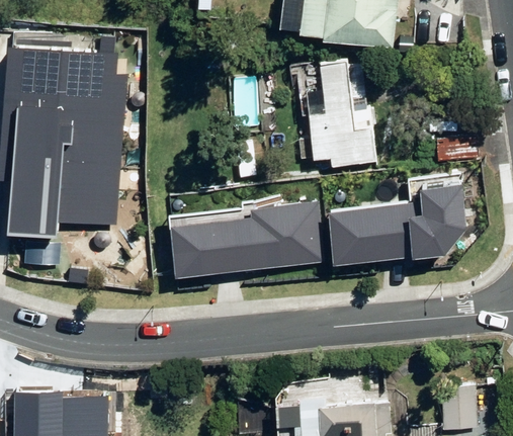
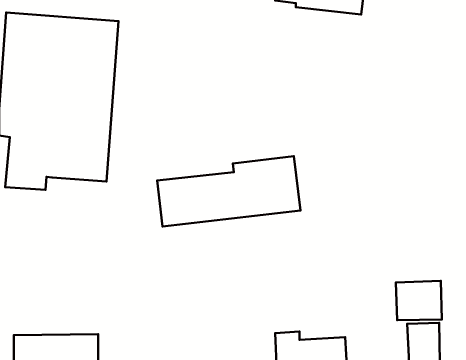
building: [298,55,374,160] -> none
building: [330,186,466,267] -> none
building: none -> [396,281,442,320]

